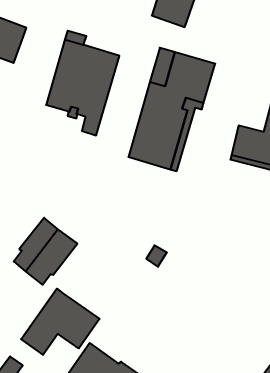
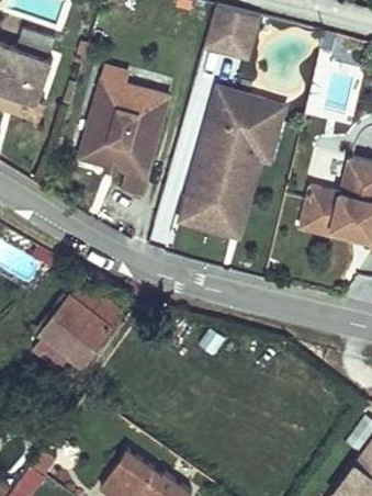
building: [21,289,100,355] -> none

